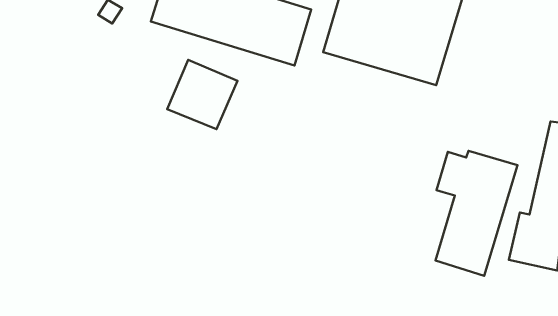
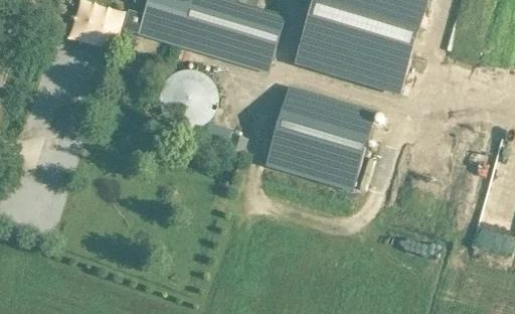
building: none -> [264,85,377,192]
building: [436,151,518,276] -> none

